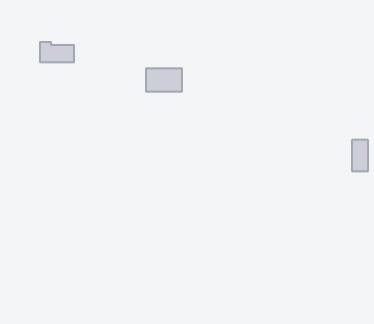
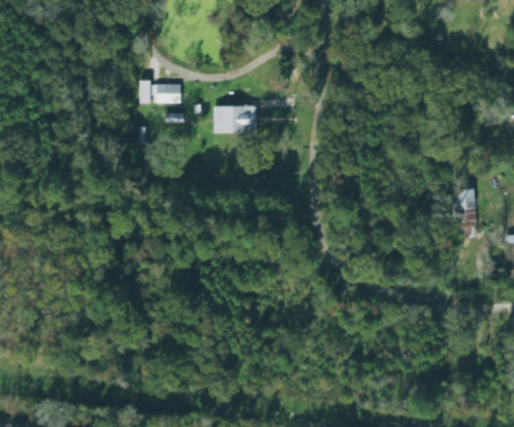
building: [40,42,74,62] -> [140,80,181,103]

